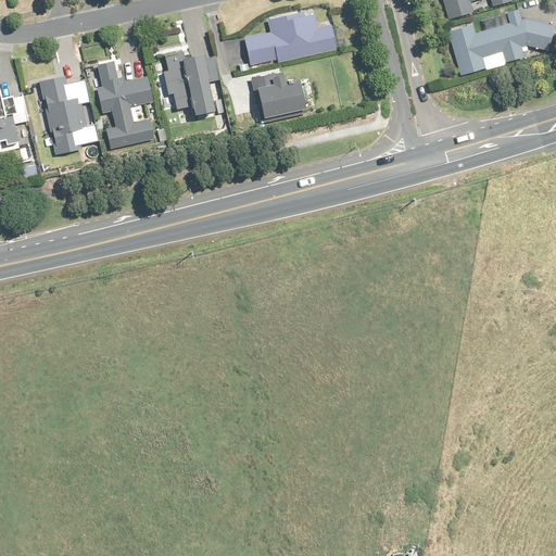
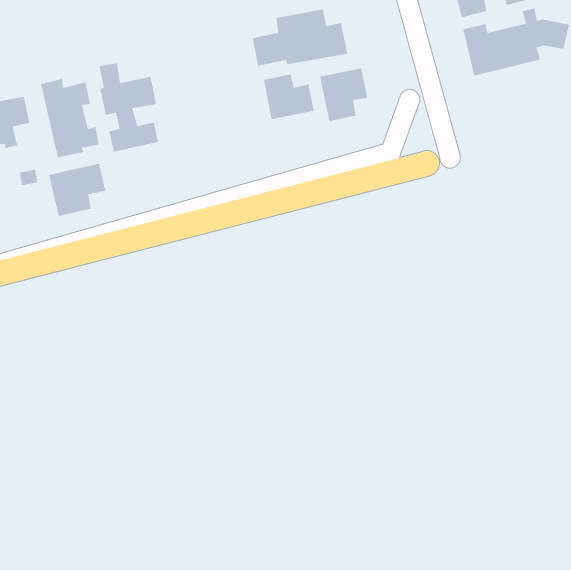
building: [153,48,214,114] -> none
building: none -> [319,67,368,122]
building: none -> [48,163,106,217]

